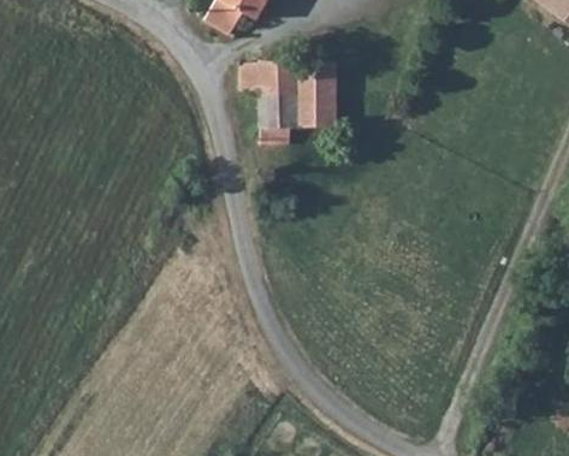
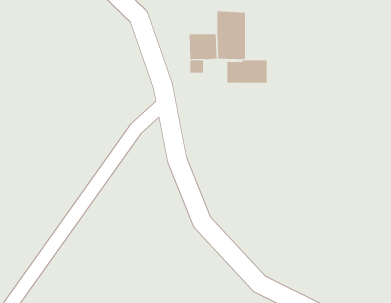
building: [242,61,297,93] -> [226,60,267,83]

